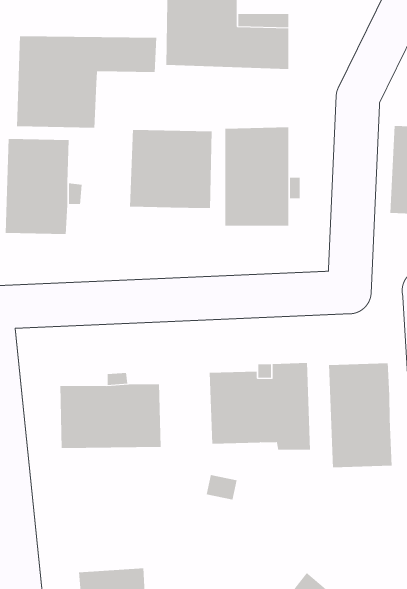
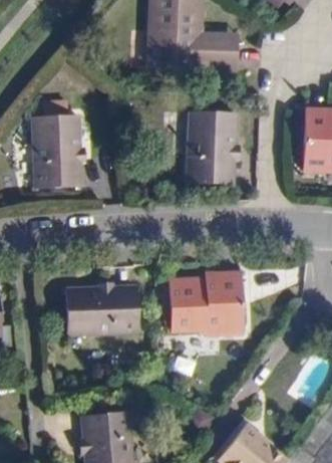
building: [16,36,157,129] -> none
building: [130,129,212,209] -> none
building: [329,362,392,468] -> none

